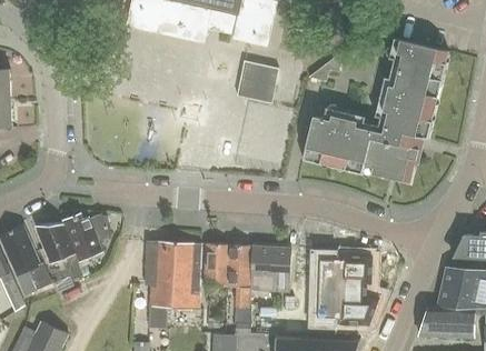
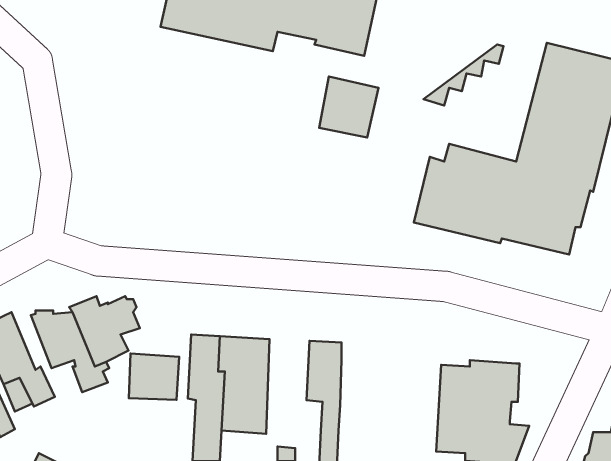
building: [205,243,229,285] -> none
building: [250,245,291,291] -> none
building: none -> [129,353,179,400]

